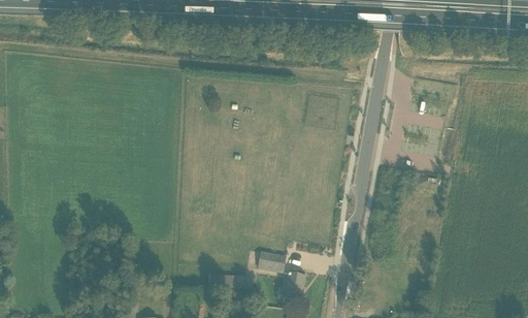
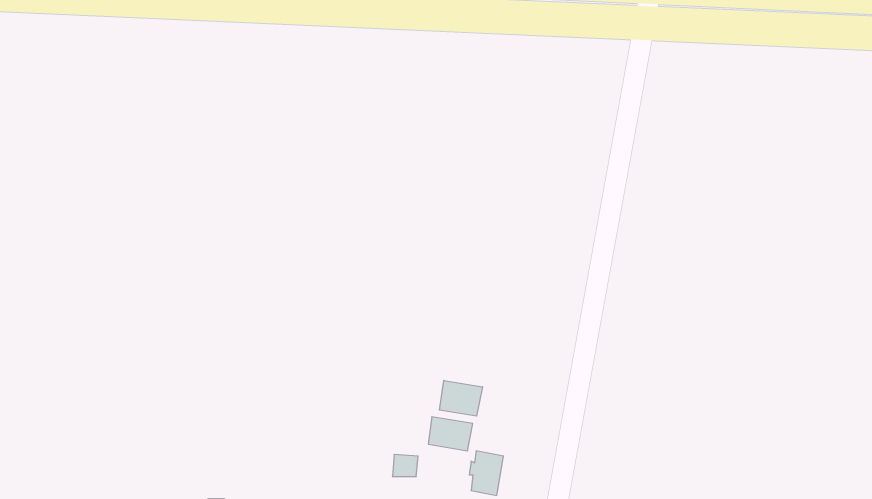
building: none -> [439,380,483,416]

